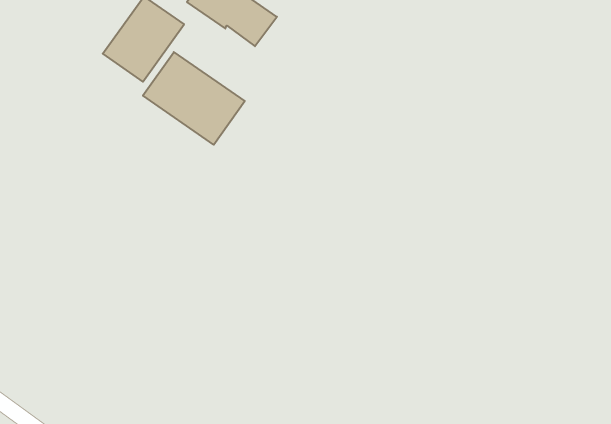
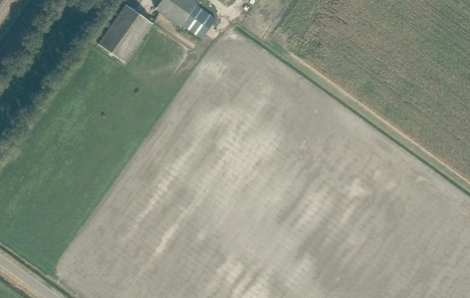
building: [143,52,245,145] -> none

